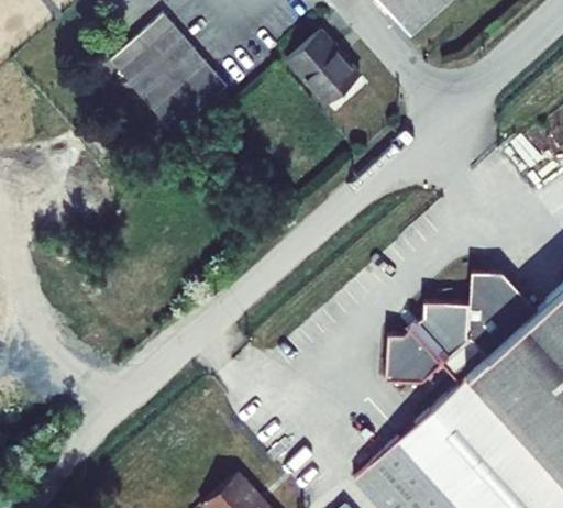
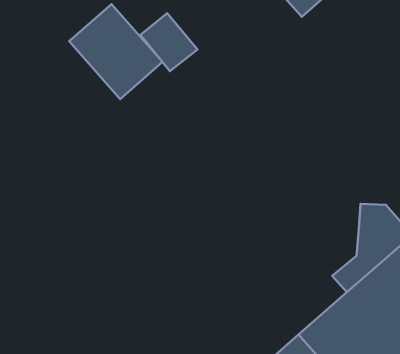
building: [287,31,360,104] -> [140,13,198,71]
building: [391,298,478,379] -> none

